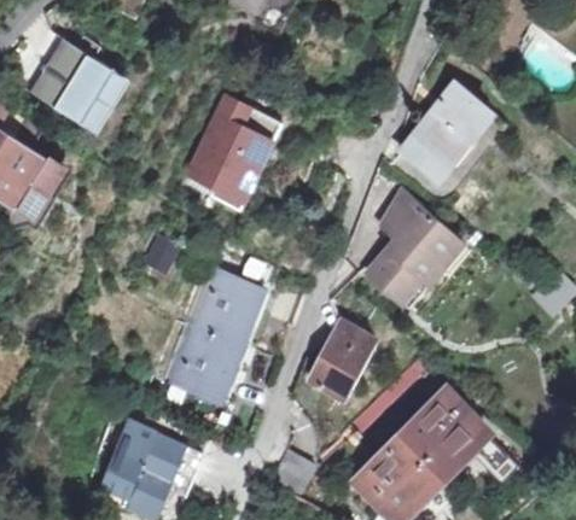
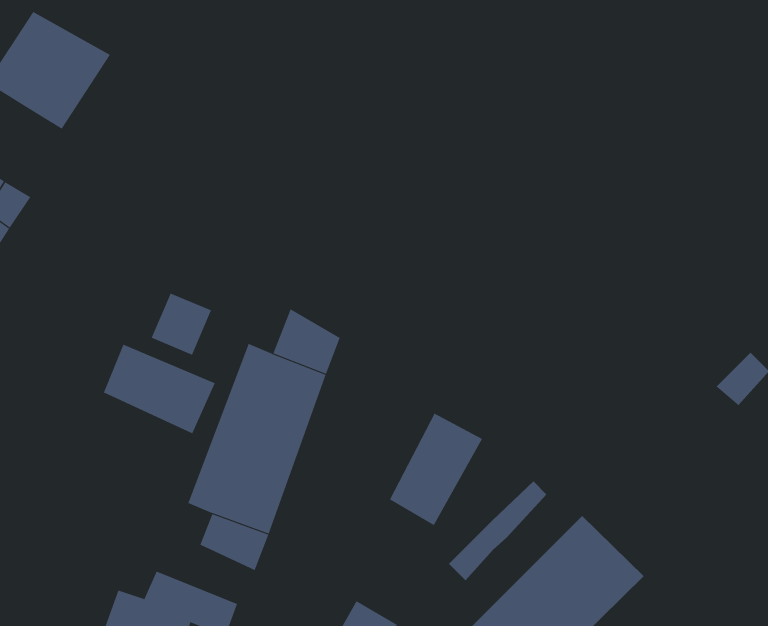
building: [401,82,488,176] -> none
building: [191,103,273,209] -> none
building: [366,189,461,306] -> none
building: none -> [103,344,215,434]

